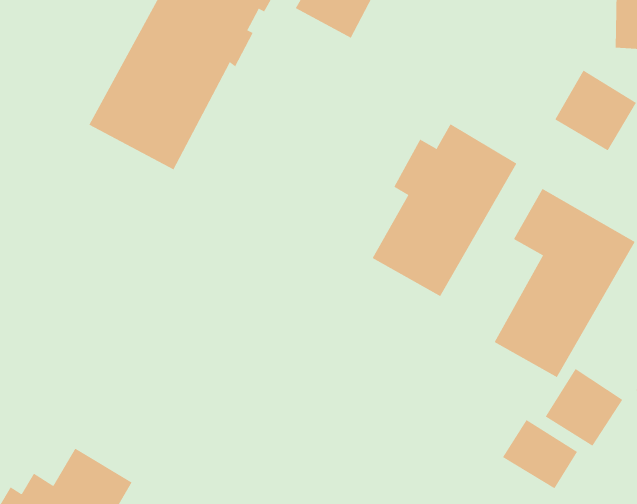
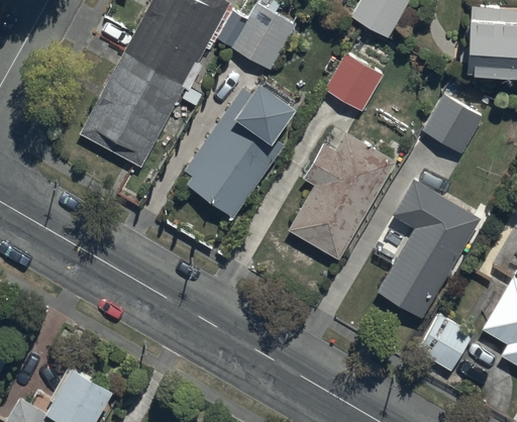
building: none -> [325,55,384,111]
building: none -> [183,71,295,205]
building: [502,419,578,489] -> none

